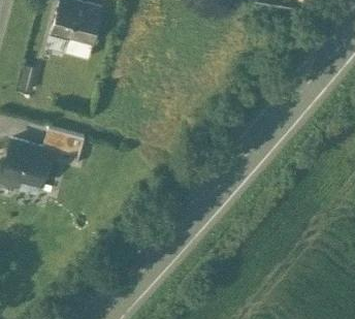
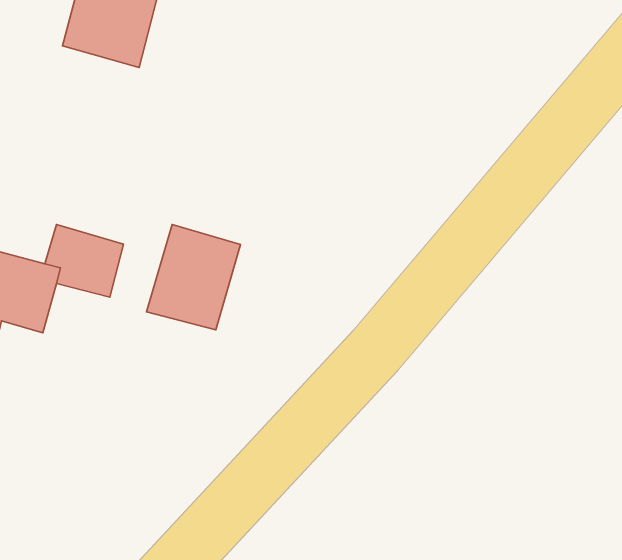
building: none -> [146,224,240,330]

